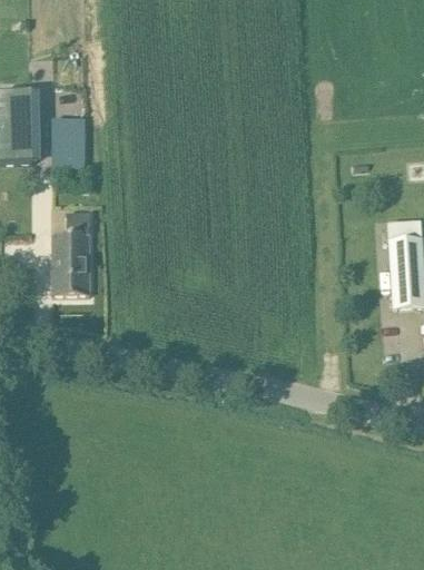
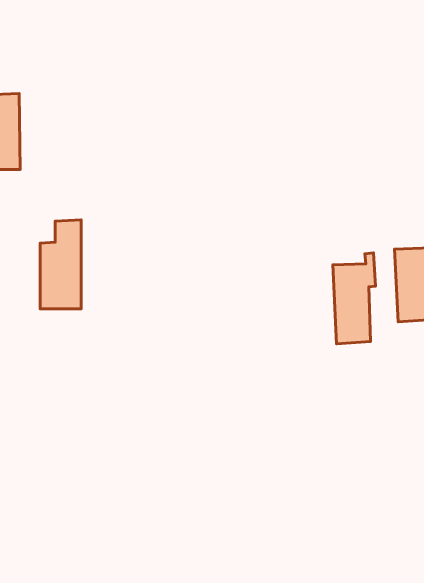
building: [53,116,85,165] -> none
building: none -> [333,253,375,344]

